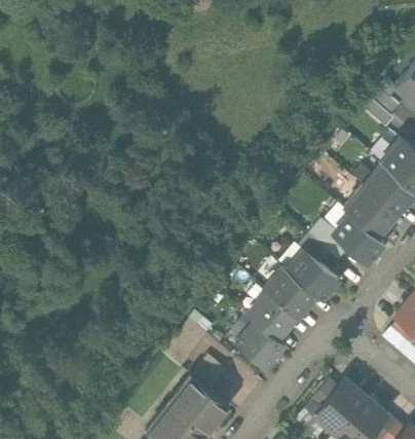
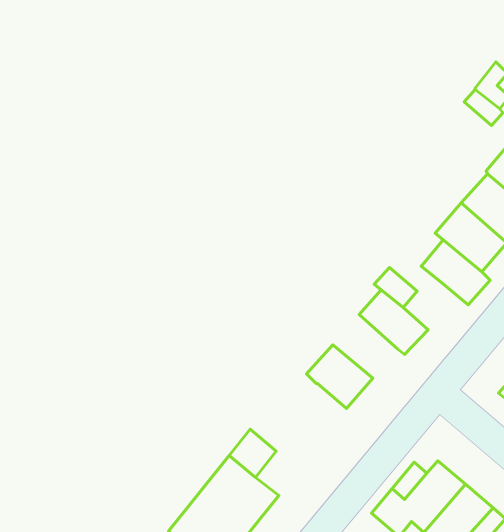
building: [310,222,349,259] -> none
building: [265,268,316,318] -> none
building: [162,320,206,367] -> none
building: [237,322,285,368] -> none

